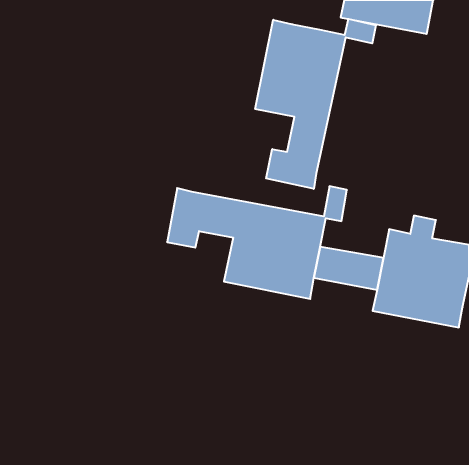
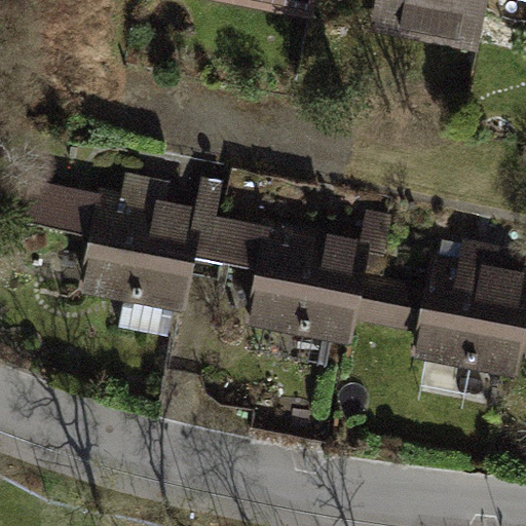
building: [255,19,376,189] -> none
building: none -> [24,180,222,338]

